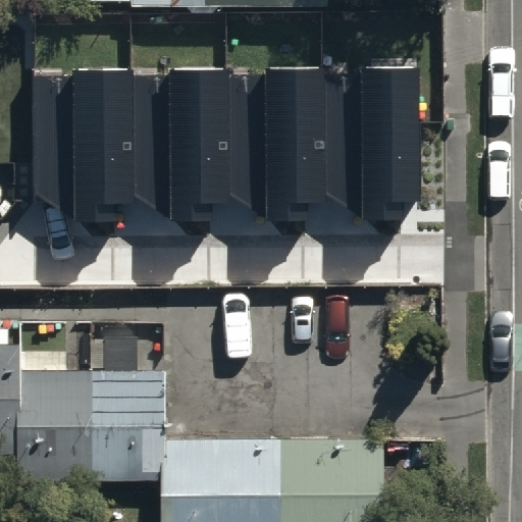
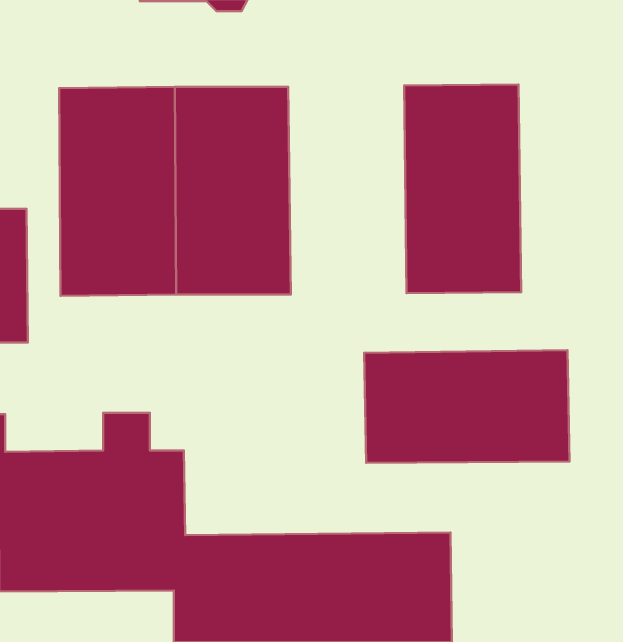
building: [233,69,329,239] -> none
building: none -> [364,350,570,463]

